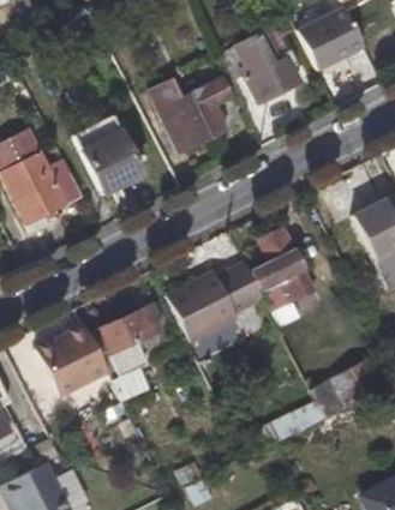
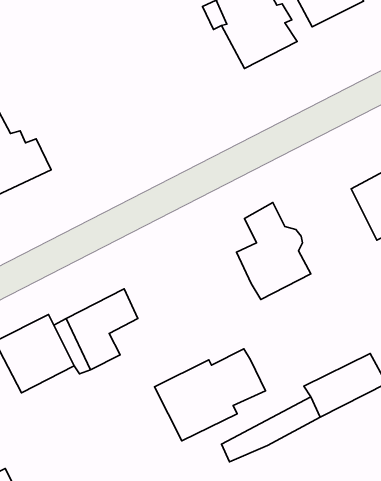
building: [164,77,232,151] -> none
building: [74,118,142,194] -> none
building: [164,260,263,342] -> [155,349,265,441]

